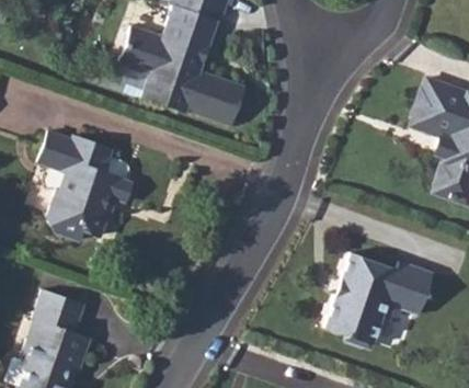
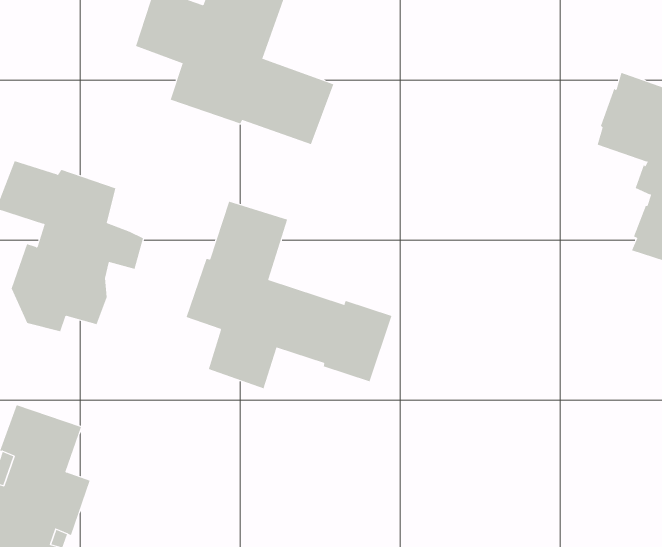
building: none -> [186,201,392,389]
building: [325,252,434,347] -> none

